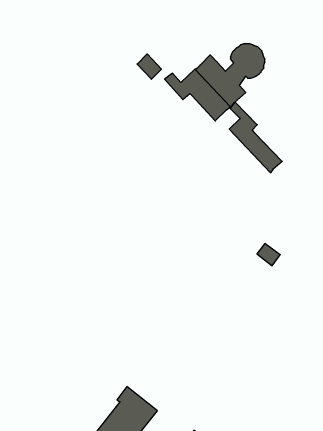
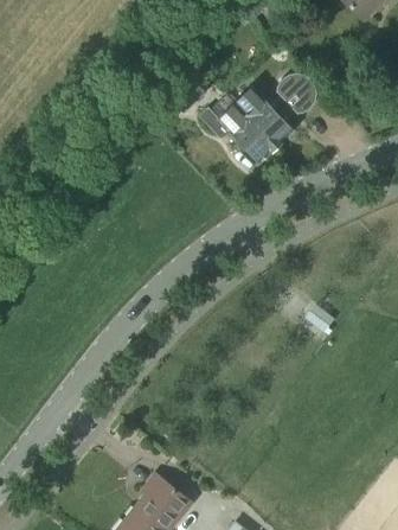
building: [229,102,282,173] -> none

